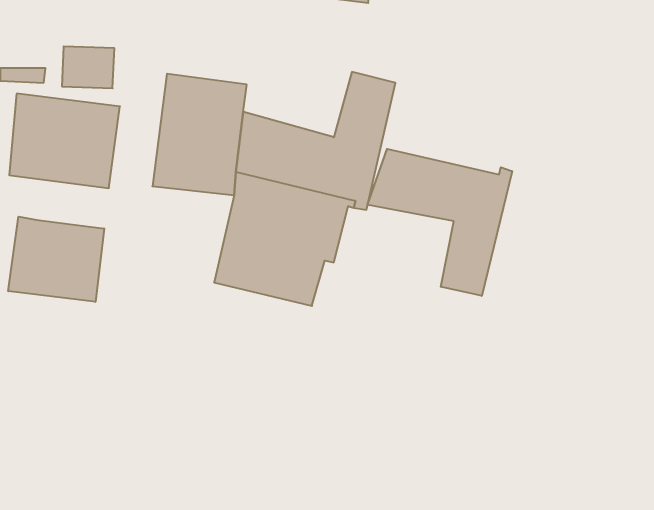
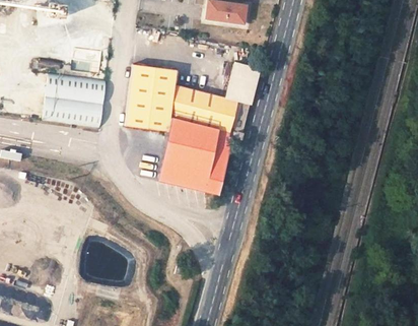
building: [367,149,512,296] -> none
building: [8,217,104,302] -> none

